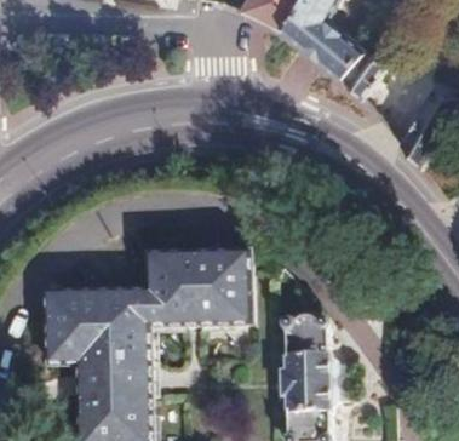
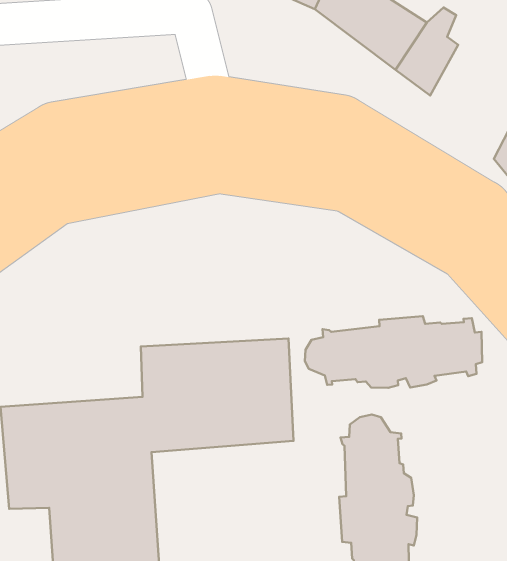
building: none -> [305,316,482,388]

